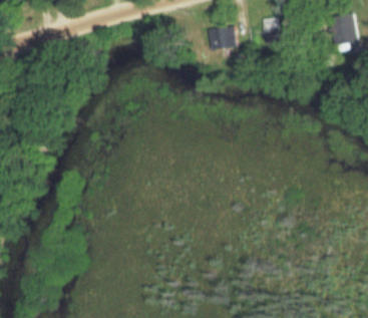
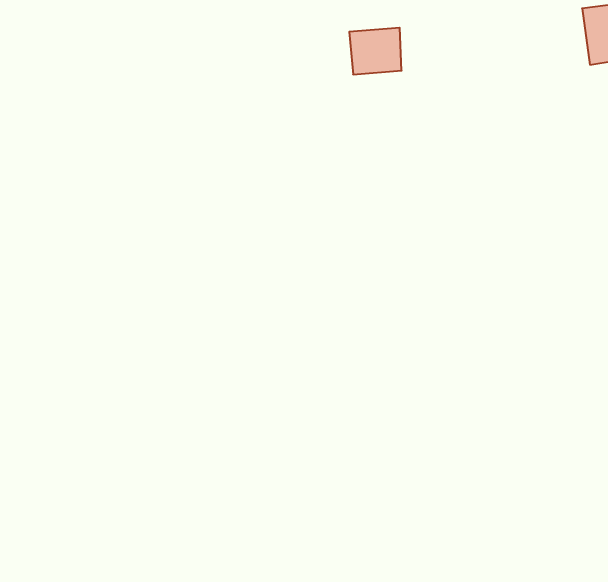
building: [264,20,284,38] -> none

